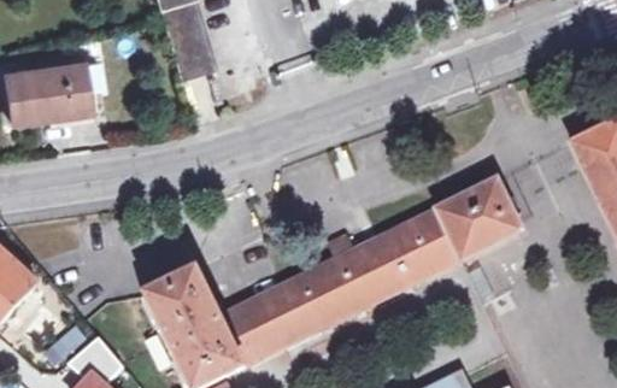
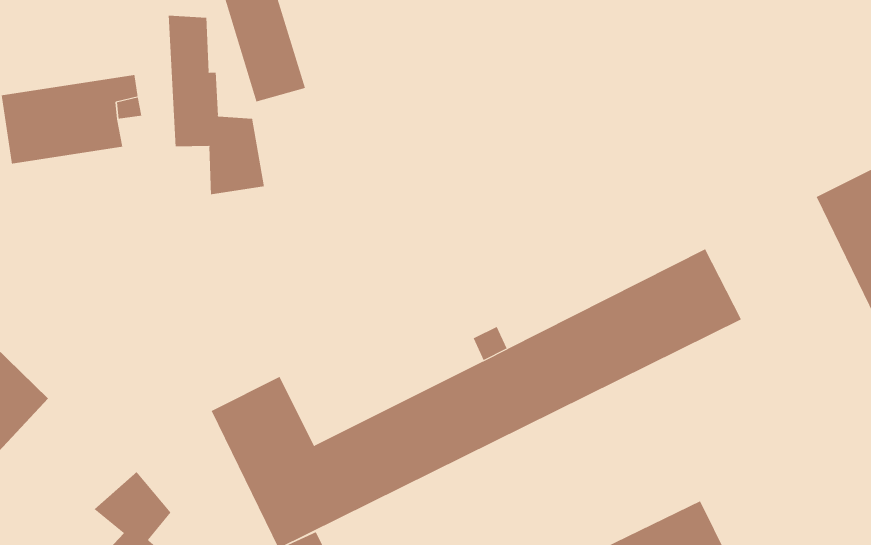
building: none -> [168,15,264,195]

